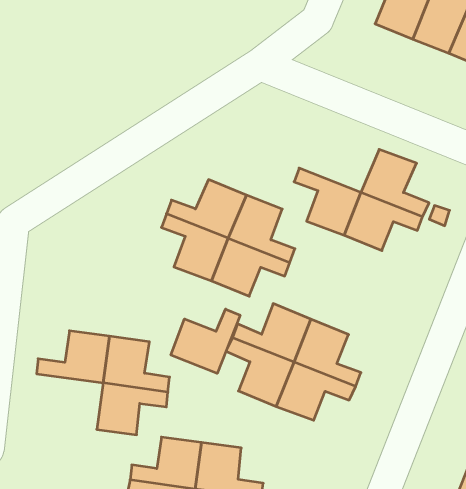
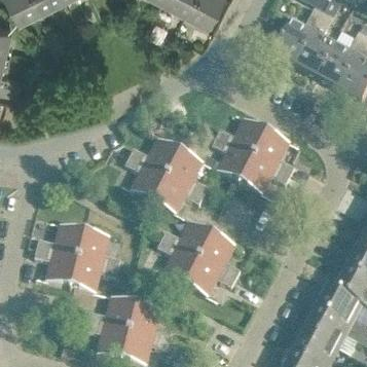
building: none -> [215,119,266,157]
building: [171,309,240,373] -> none
building: none -> [34,249,77,288]

